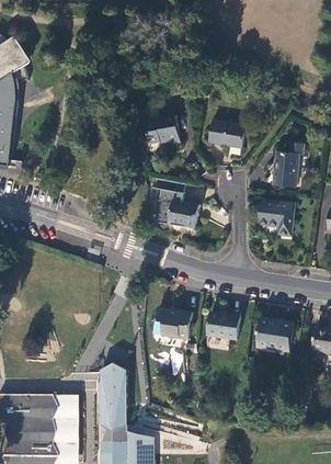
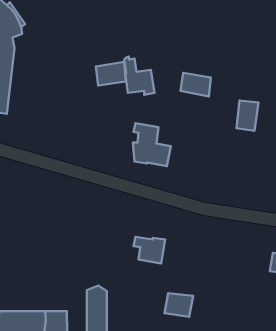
building: none -> [96,62,126,85]
building: [259,200,294,235] -> none
building: [206,312,239,339] -> [164,293,193,317]
building: [255,319,293,348] -> none

